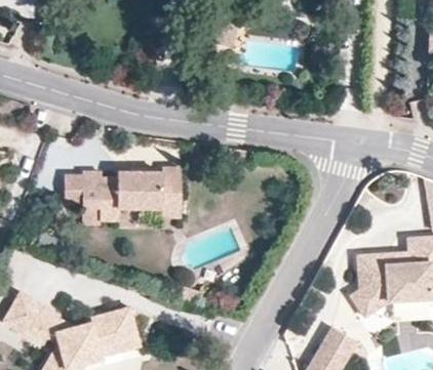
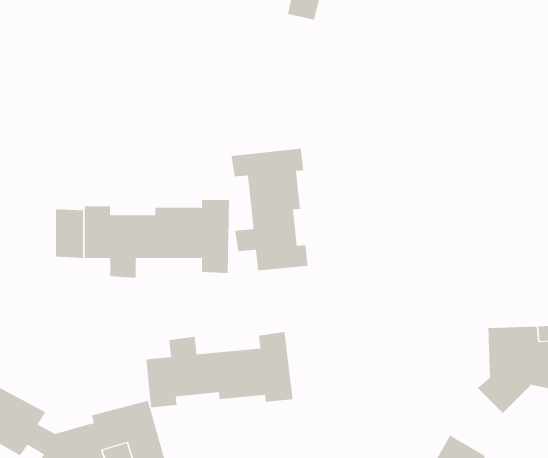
building: none -> [231,148,308,271]
building: none -> [146,331,293,408]

